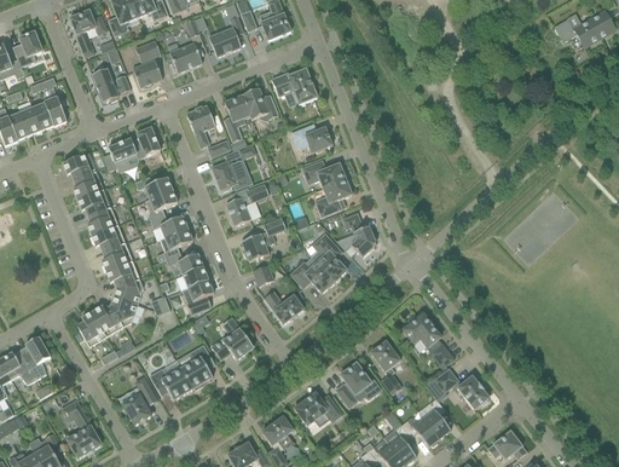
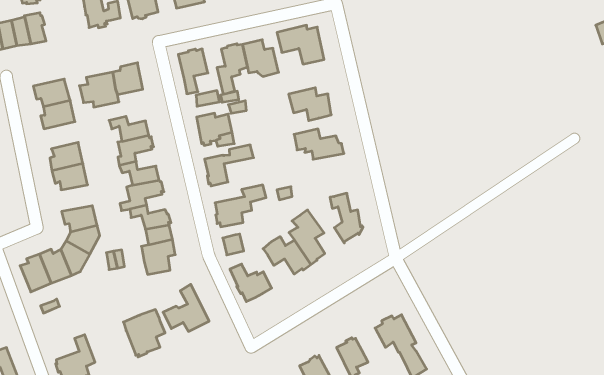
building: [314,177,352,217] -> none
building: [77,188,110,215] -> none
building: [102,242,132,270] -> none
building: [149,367,192,399] -> none

